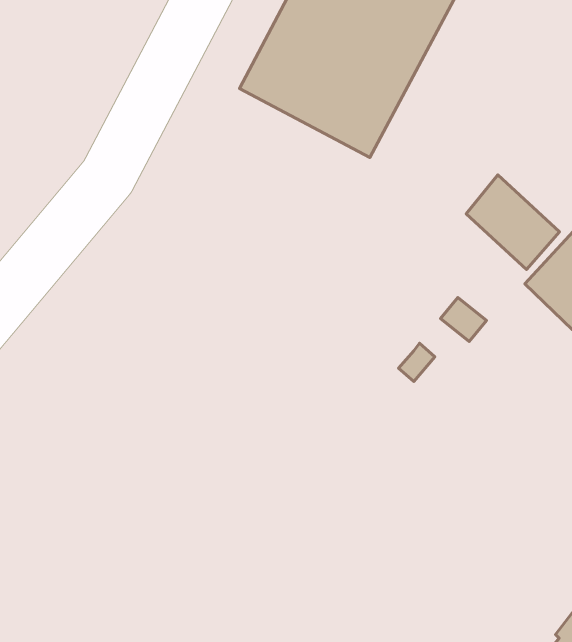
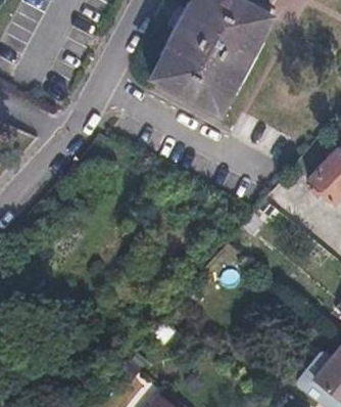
building: [466,175,560,269] -> none

